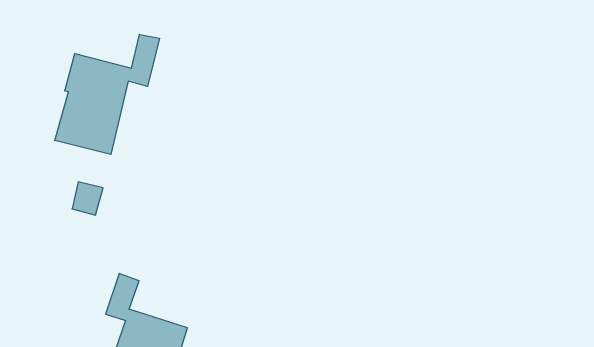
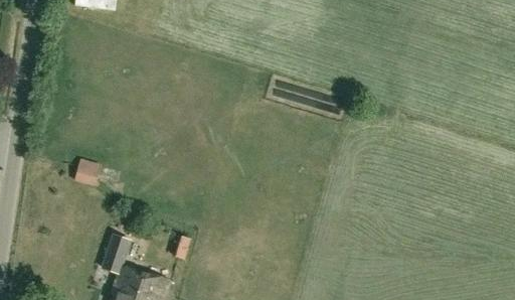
building: [55,34,159,154] -> none

